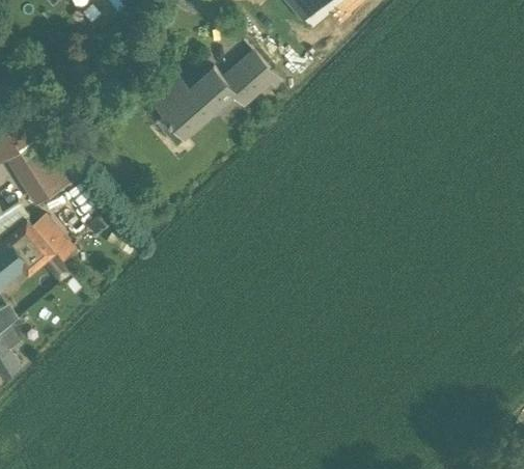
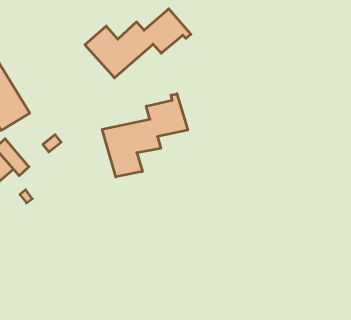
building: none -> [102,94,188,177]

